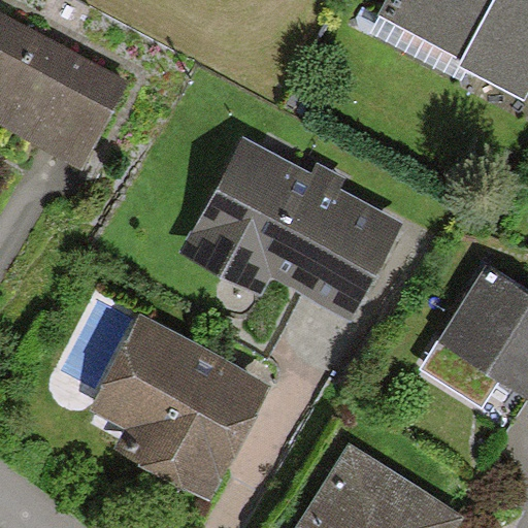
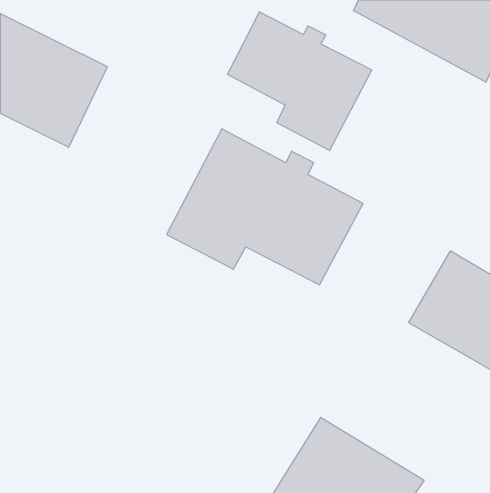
building: none -> [228,12,372,151]
building: [96,320,263,494] -> none

